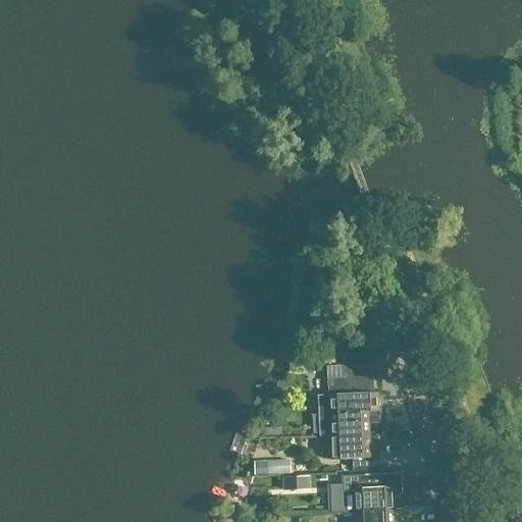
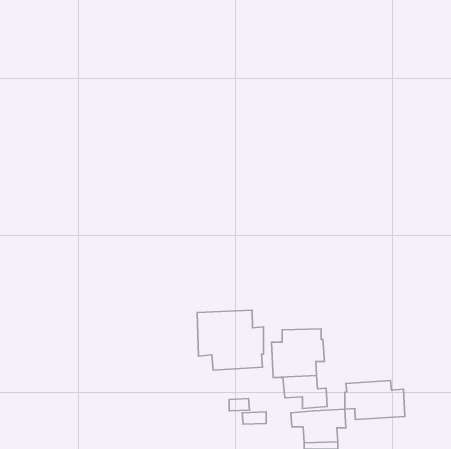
building: none -> [197,310,264,370]
building: none -> [345,381,405,419]

